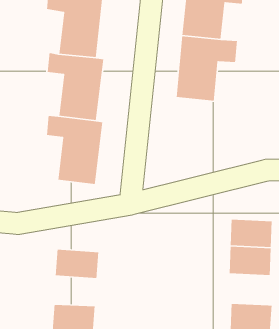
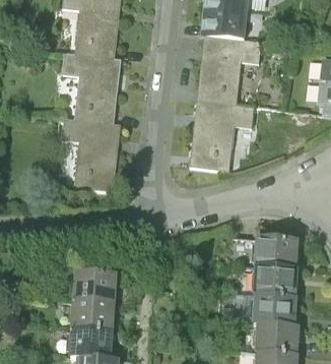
building: none -> [191,104,255,175]
building: none -> [251,289,296,321]
building: none -> [69,291,115,322]

